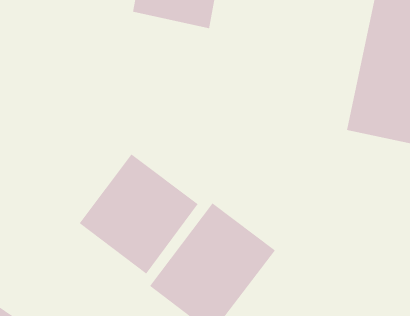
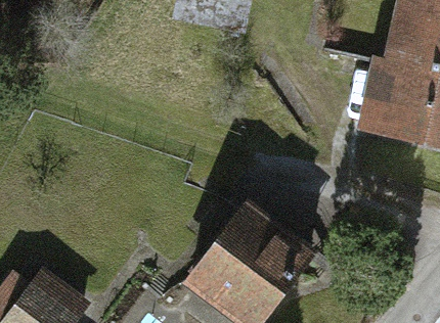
building: [79,154,198,275] -> none

